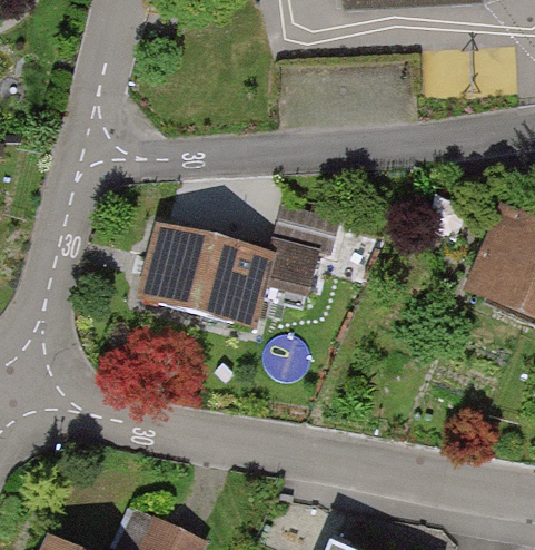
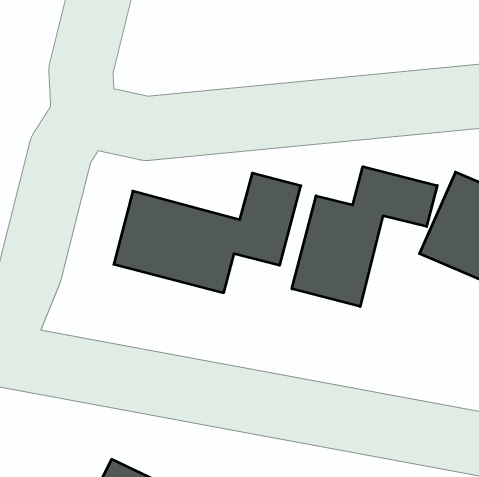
building: none -> [292,167,437,307]

